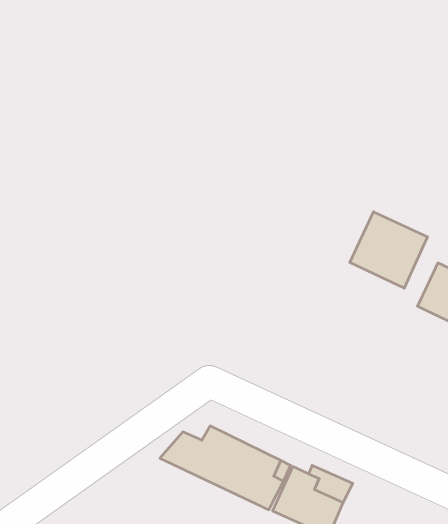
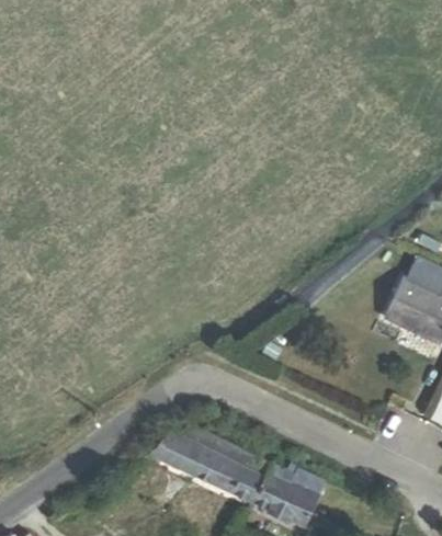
building: [350,212,427,288] -> none

